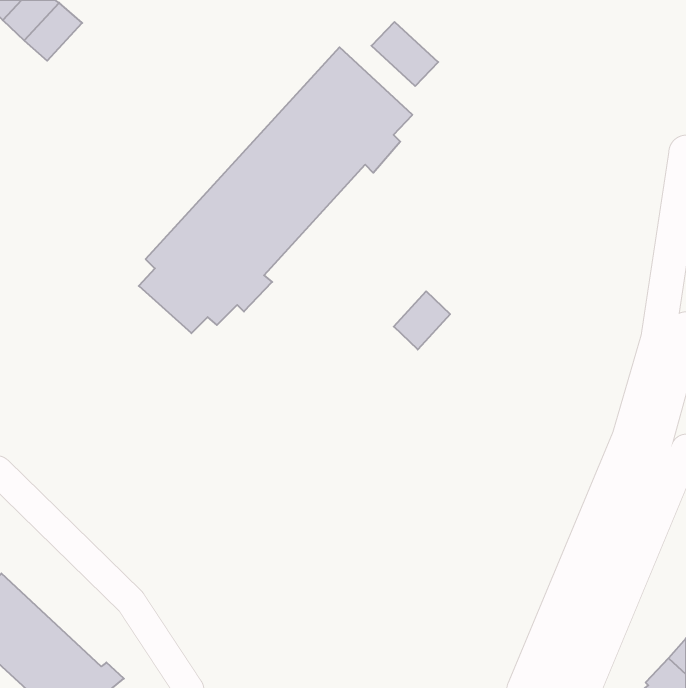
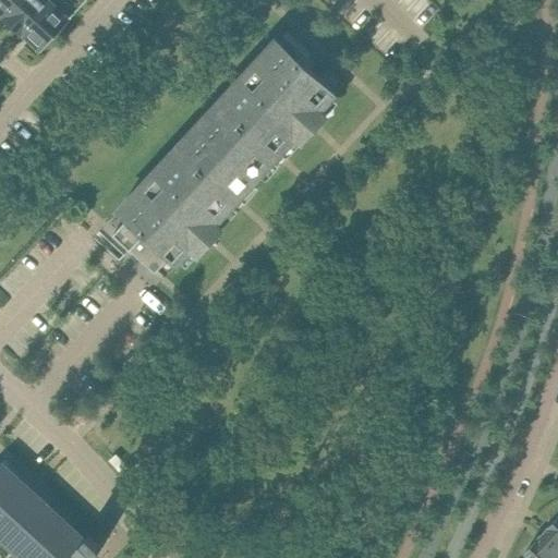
building: [371,22,438,86] -> none
building: [394,291,450,350] -> none

